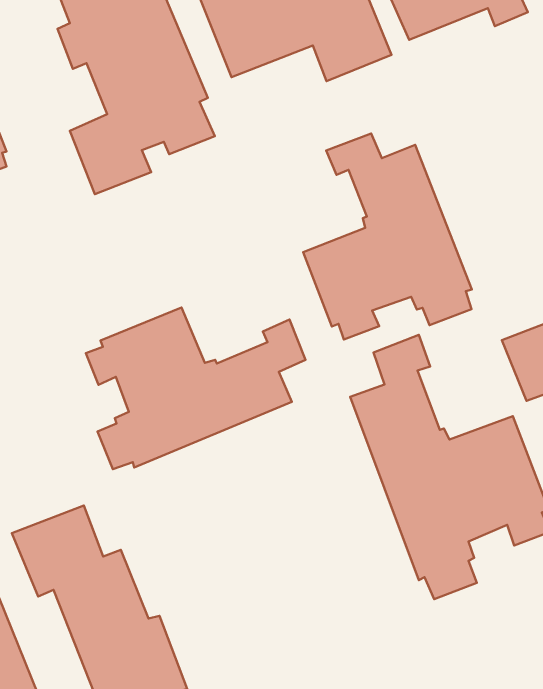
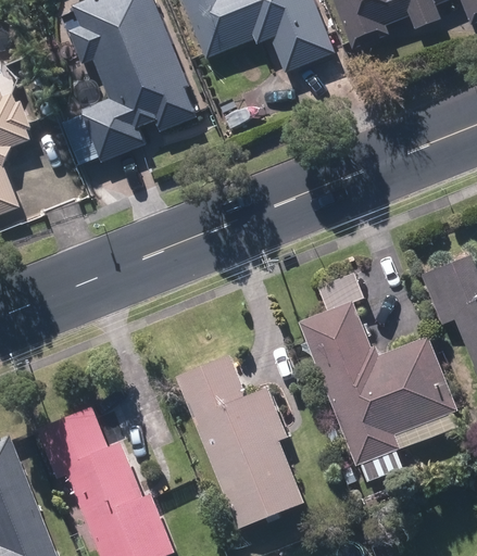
building: [303,134,472,340] -> none
building: [86,308,306,469] -> none
building: none -> [176,353,303,527]

